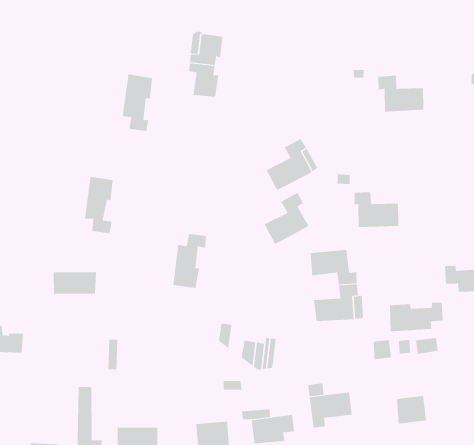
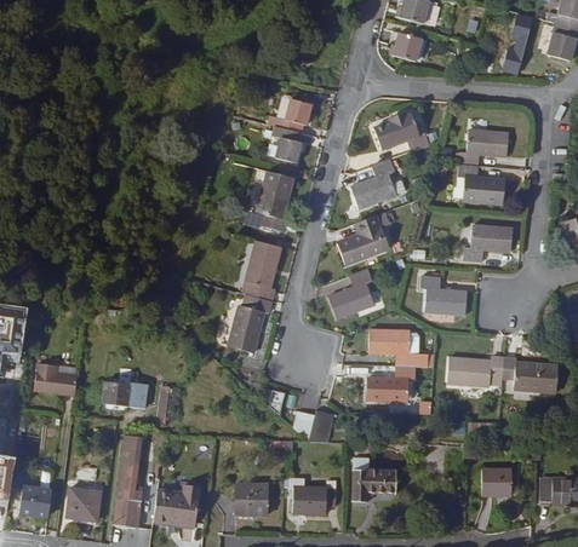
building: none -> [374,115,429,152]
building: none -> [460,128,508,165]
building: [122,74,153,131] -> [258,173,293,232]
building: none -> [351,160,396,208]
building: none -> [460,225,509,261]
building: [84,177,113,234] -> [247,242,281,301]
building: [53,272,97,294] -> [103,382,149,409]
building: [389,302,443,332] -> [448,356,504,385]
building: [396,395,427,424] -> [481,470,510,495]

